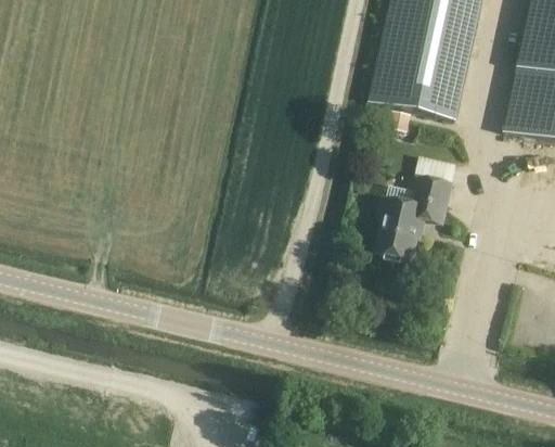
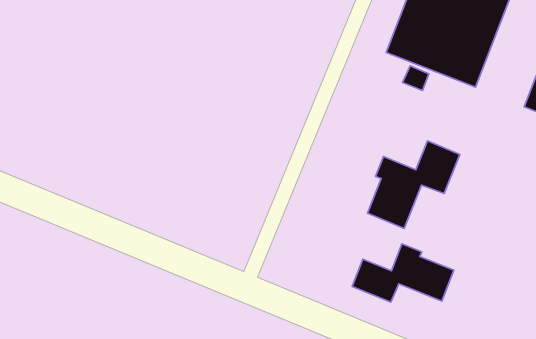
building: none -> [352,244,454,302]

